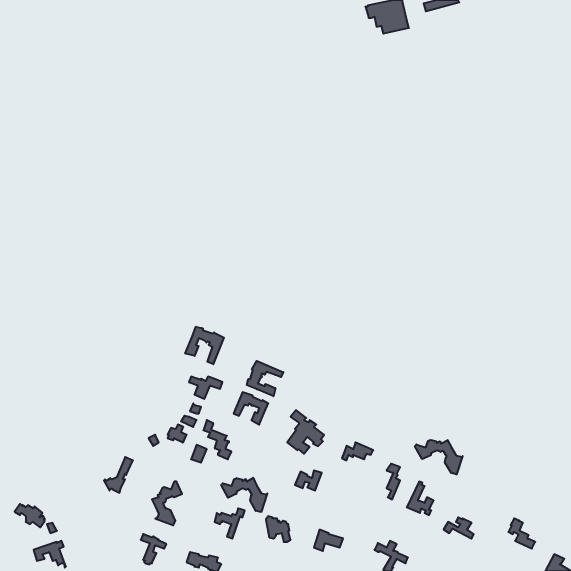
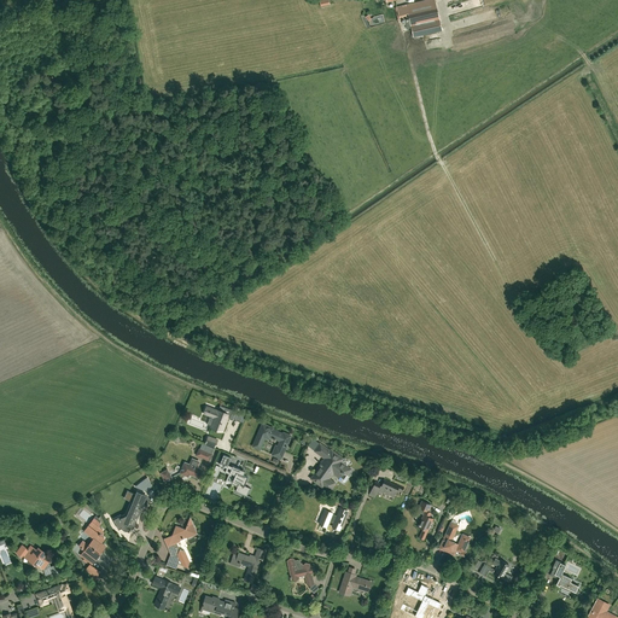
building: [185,327,224,364] -> none
building: [247,361,283,396] -> none
building: [415,440,463,474] -> none
building: [221,478,267,512] -> none
building: none -> [81,520,106,564]

